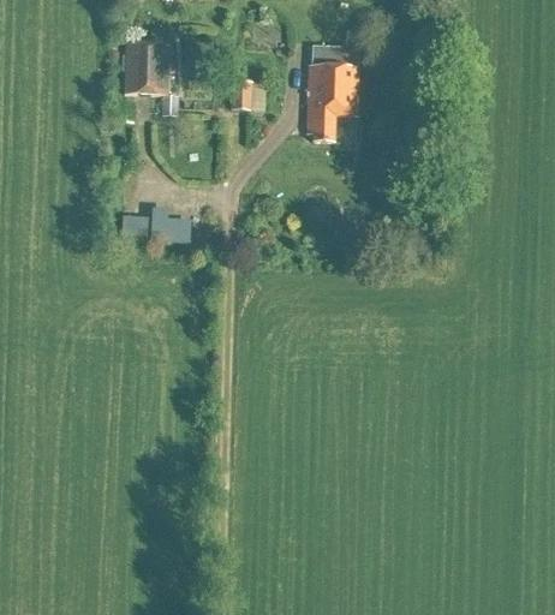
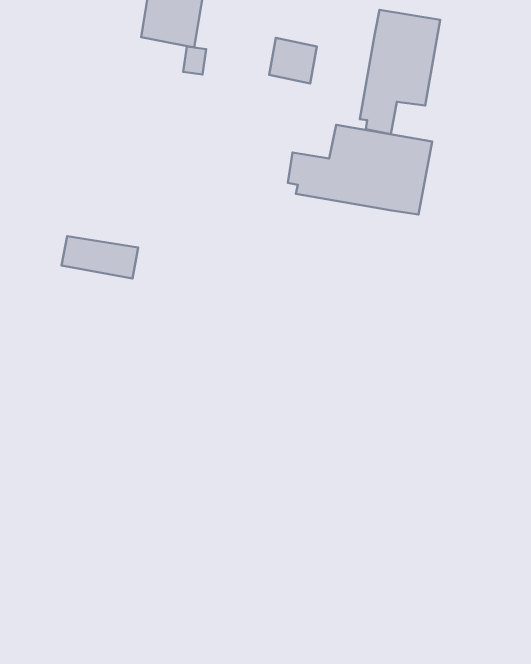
building: none -> [288,125,432,214]
building: [129,214,187,240] -> [62,236,138,279]

